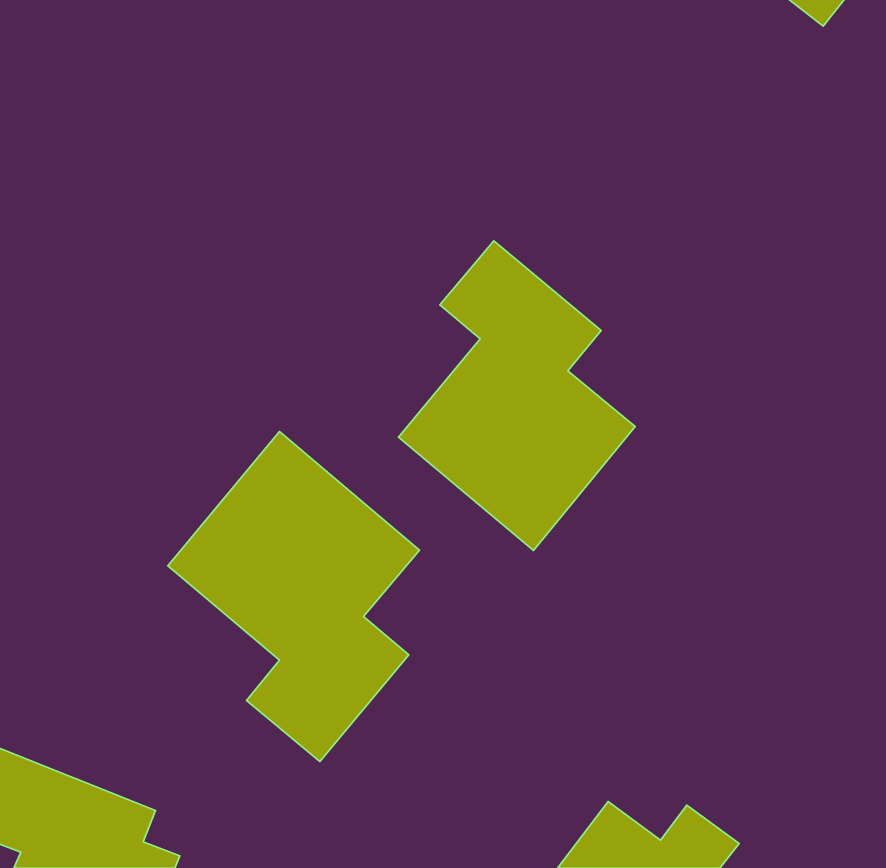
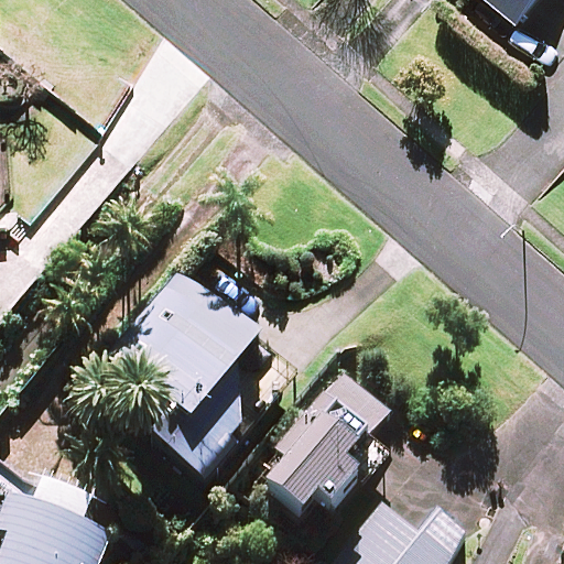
building: [398,241,635,551] -> none
building: none -> [256,365,392,520]

